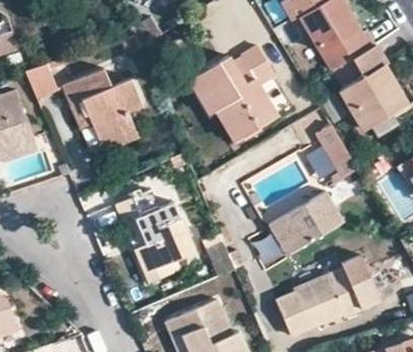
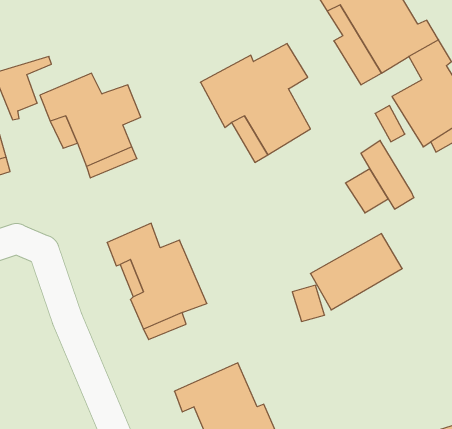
building: [275,257,378,337] -> none

